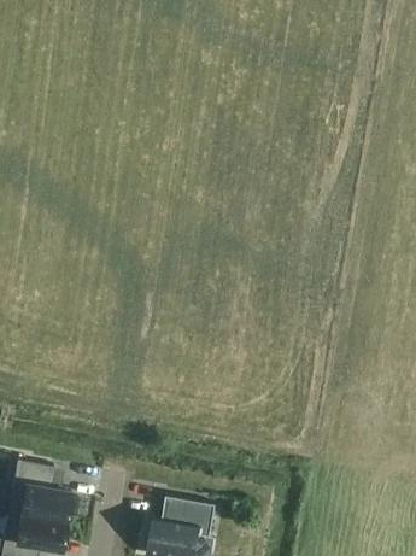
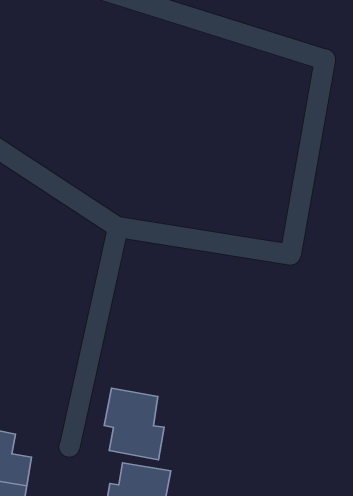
building: none -> [104,388,164,460]

